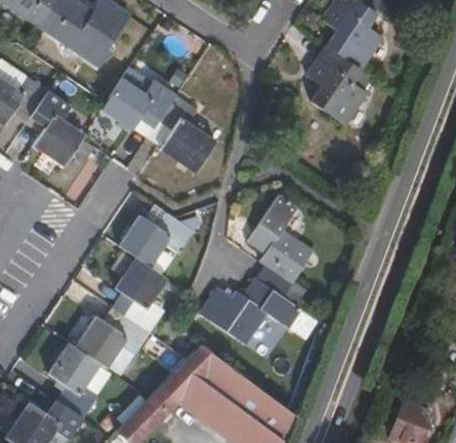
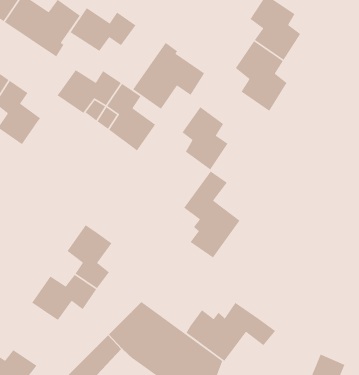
building: none -> [69,7,136,52]
building: none -> [132,42,205,110]
building: none -> [182,106,229,171]
building: [119,212,193,266] -> none
building: [198,277,300,345] -> [185,302,276,362]
building: [47,341,100,416] -> none

